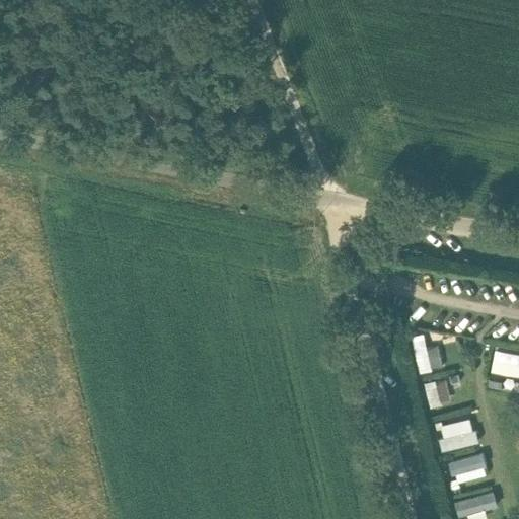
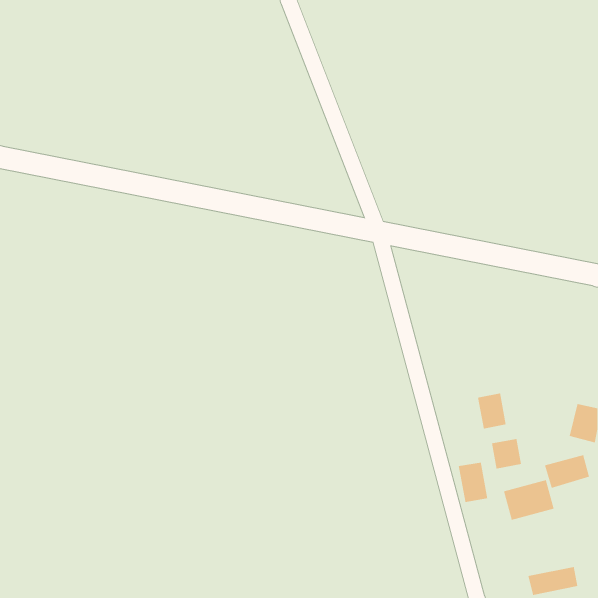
building: none -> [458,462,488,503]
building: [449,452,489,481] -> [544,454,590,488]

